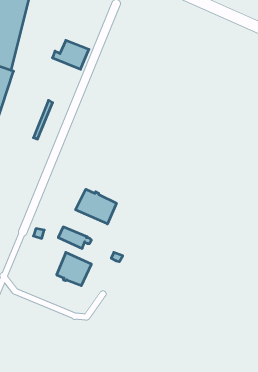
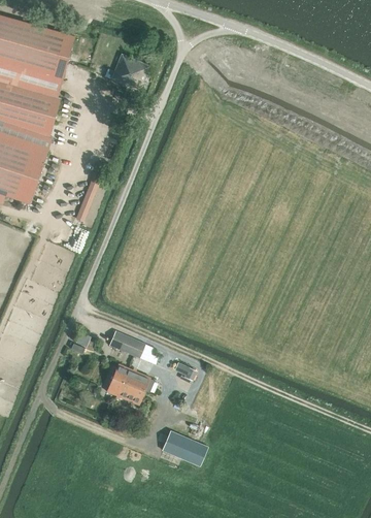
building: [52,40,89,69] -> [104,55,149,91]
building: [76,189,116,224] -> none
building: none -> [161,431,207,466]

